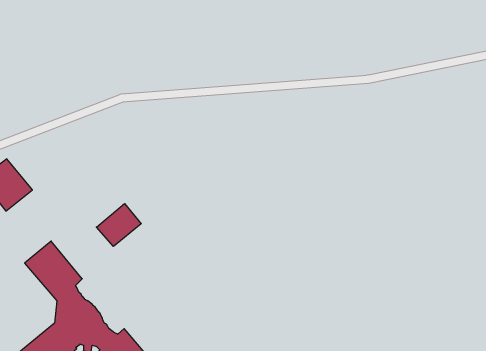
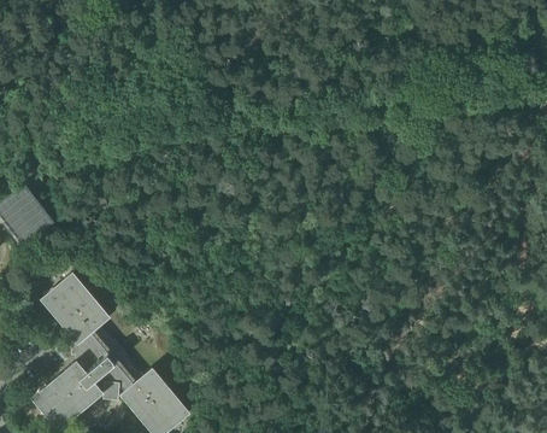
building: [96,204,141,246] -> none

